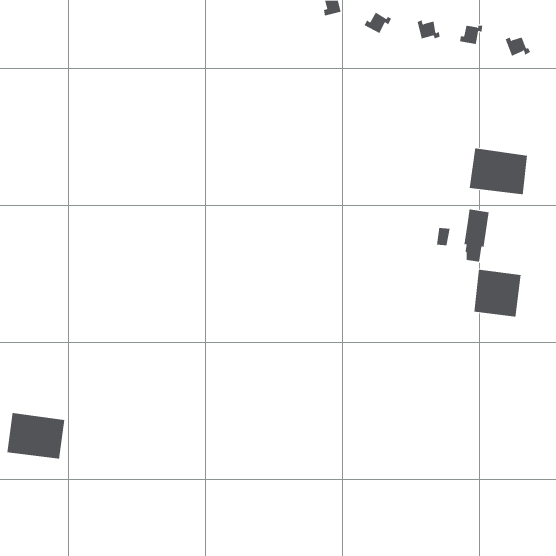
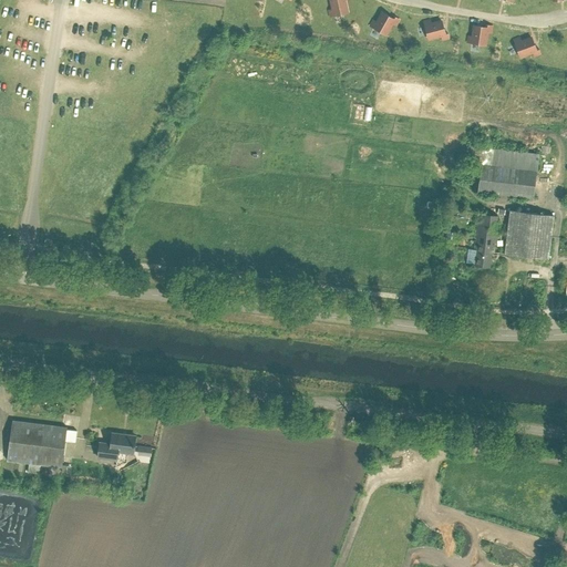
building: [474,269,522,317] -> [505,210,554,259]
building: none -> [96,433,135,460]

